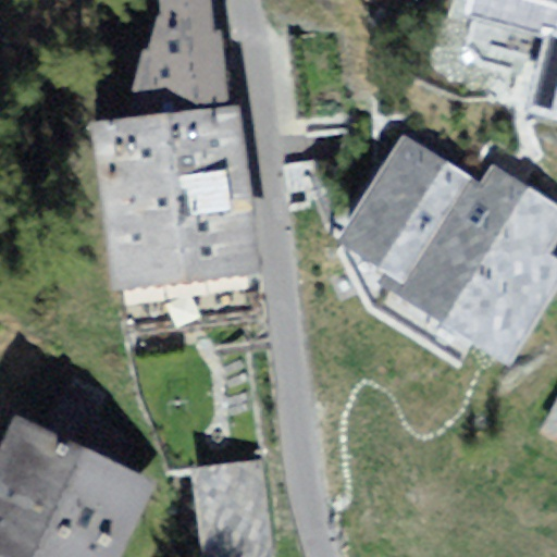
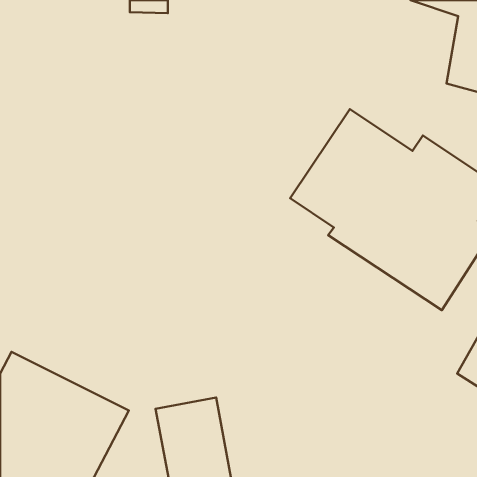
building: [135,27,221,98] -> none
building: [81,97,243,292] -> none

